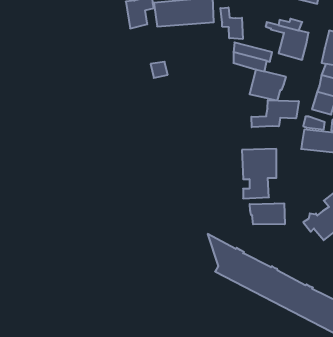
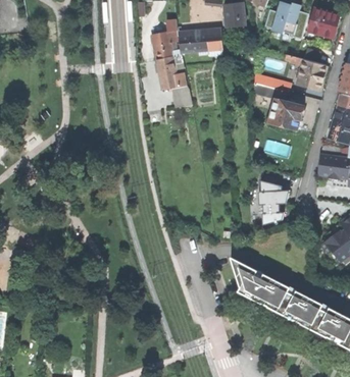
building: [220,7,243,39] -> none
building: none -> [155,54,185,90]
building: [251,100,299,127] -> none
building: [250,203,285,224] -> none

